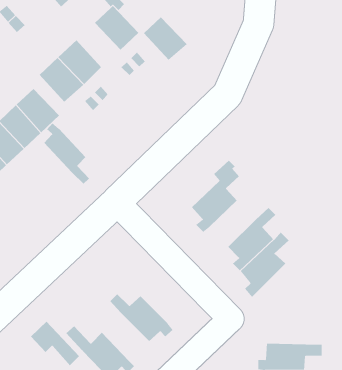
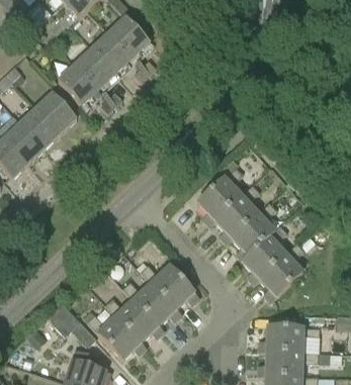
building: [143,17,187,61] -> [92,32,133,73]
building: [43,122,90,185] -> none
building: none -> [214,183,259,243]
building: none -> [259,242,303,301]
building: none -> [140,264,199,307]
building: none -> [104,296,164,342]

